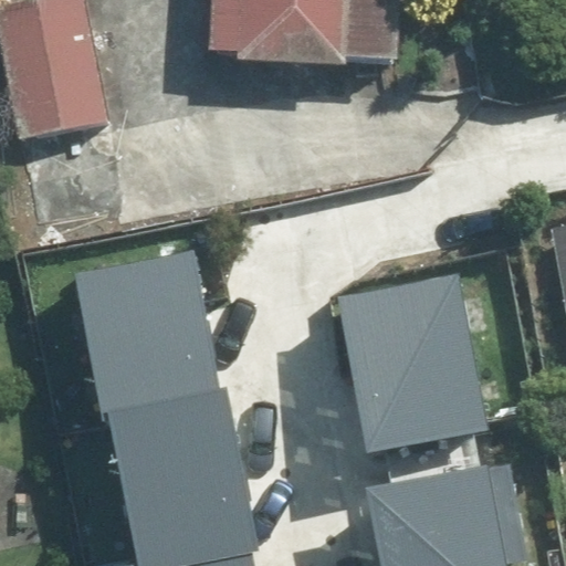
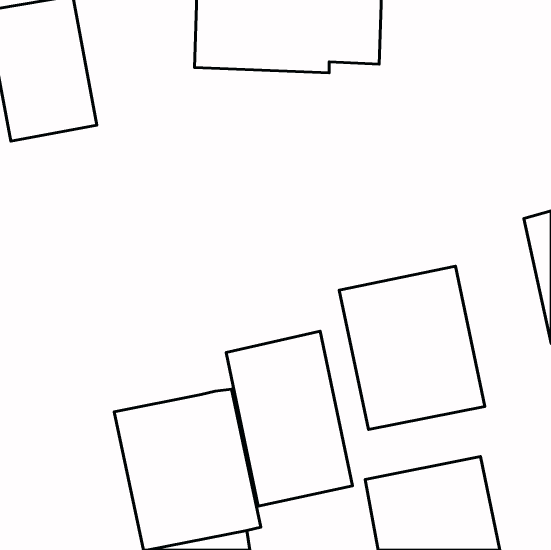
building: [72,256,219,422] -> none
building: none -> [226,331,352,506]

